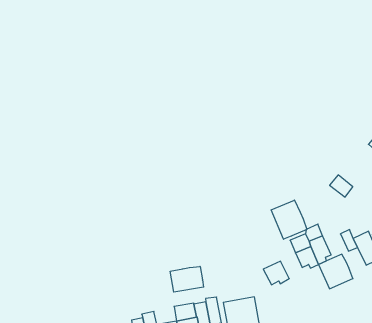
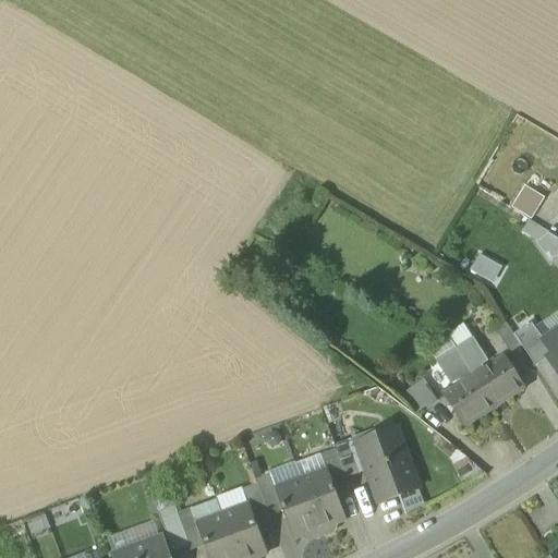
building: [271,200,307,239] -> none
building: none -> [445,375,494,424]
building: [170,266,204,292] -> none

